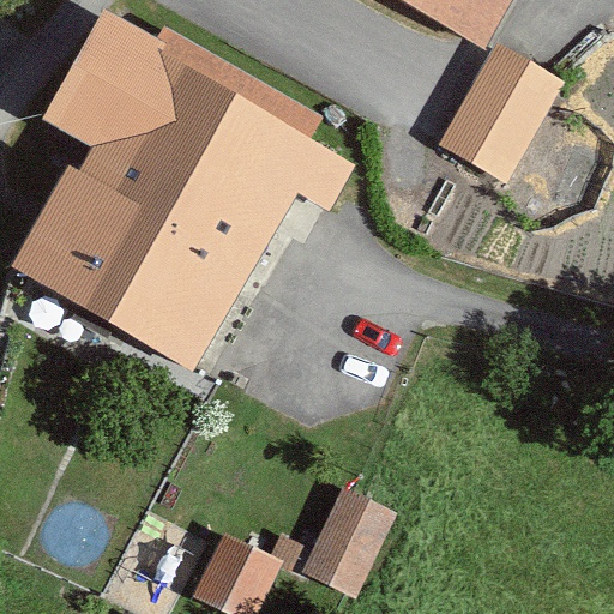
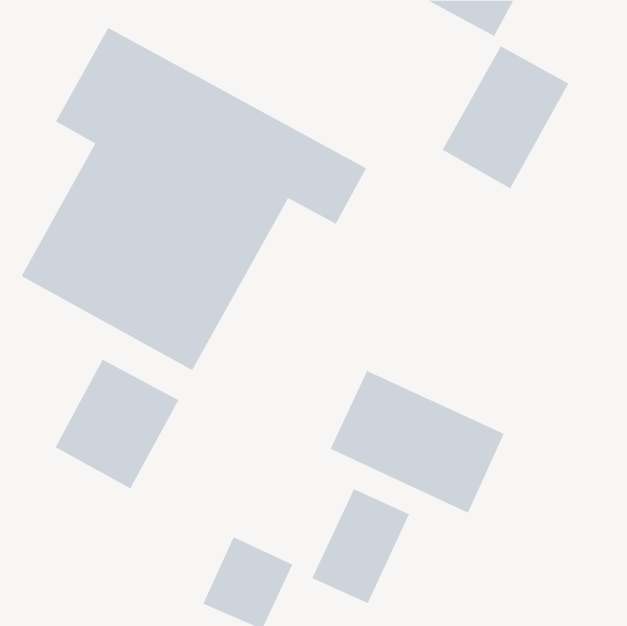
building: none -> [55,359,179,489]
building: none -> [330,370,504,514]

